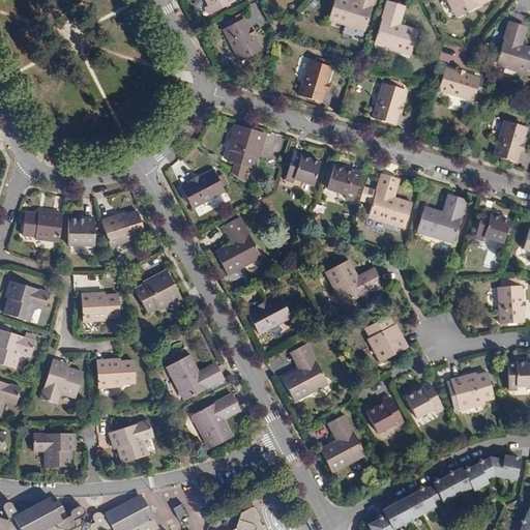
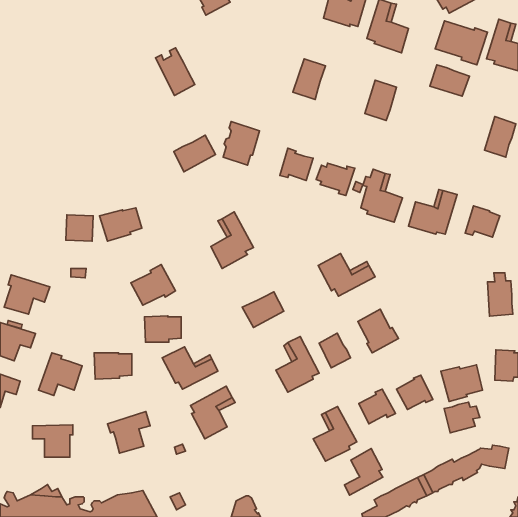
building: [220,13,261,62] -> [155,48,195,95]
building: none -> [435,21,488,65]
building: [182,172,225,209] -> [174,135,215,172]
building: [23,212,61,241] -> none
building: [82,294,119,321] -> [145,316,181,342]
building: none -> [319,333,350,368]
building: none -> [444,402,480,433]
building: none -> [344,448,383,495]

